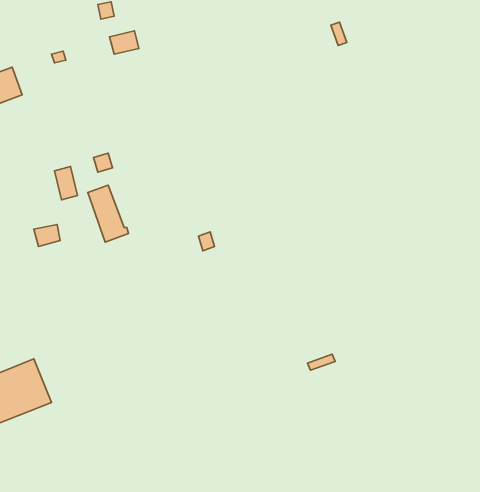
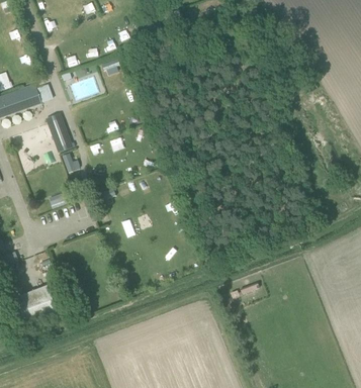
building: [88,185,128,242] -> [47,111,75,151]

